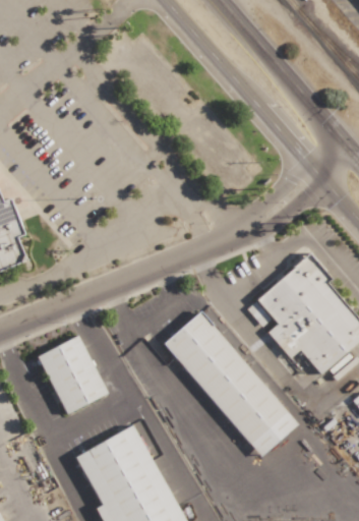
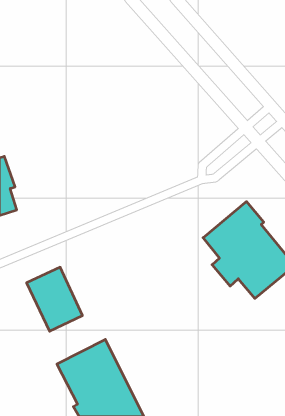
building: [163,310,297,457] -> none

